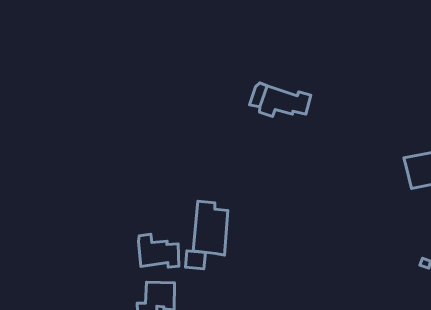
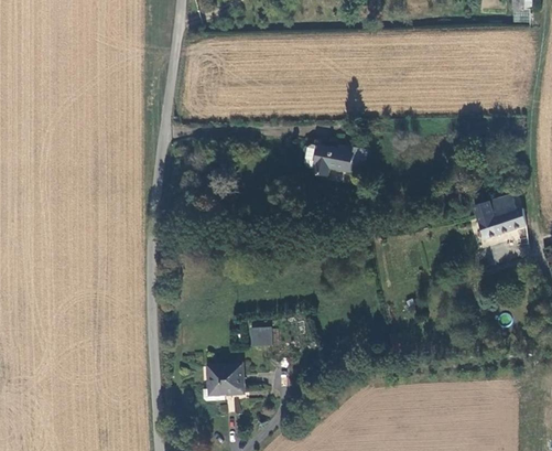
building: [193,201,228,255] -> none
building: [139,234,179,267] -> none

